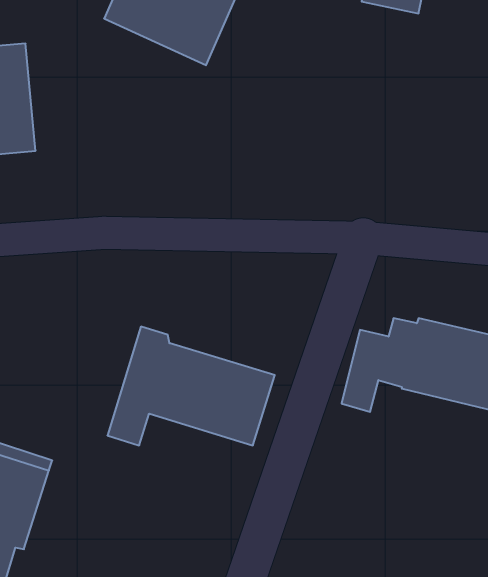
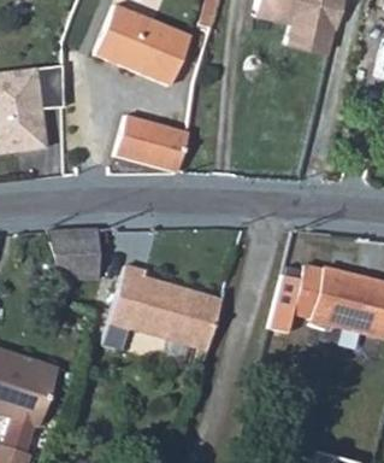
building: none -> [116,113,190,171]
building: none -> [48,229,102,281]

